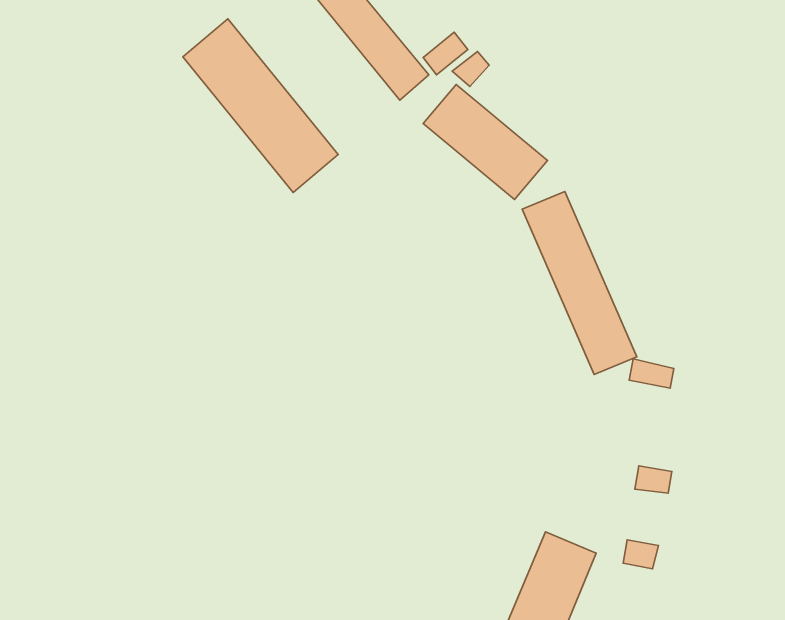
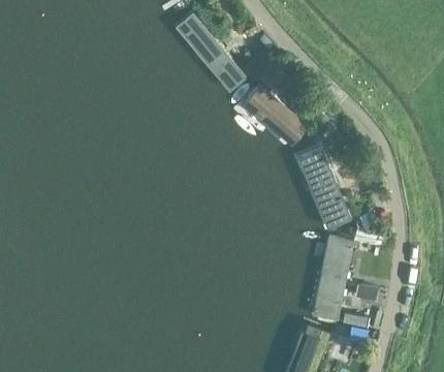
building: [183,19,338,192] -> none
building: none -> [312,237,352,322]

